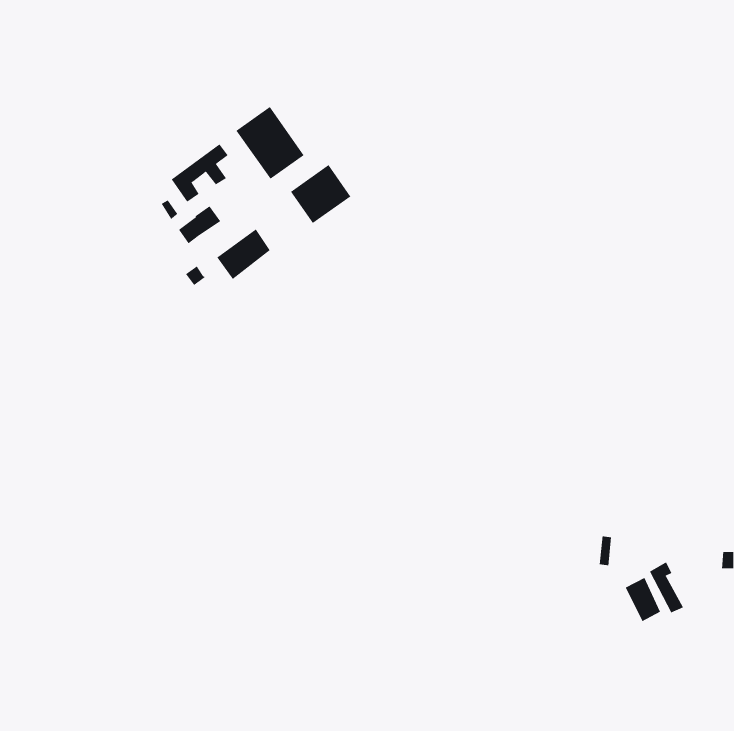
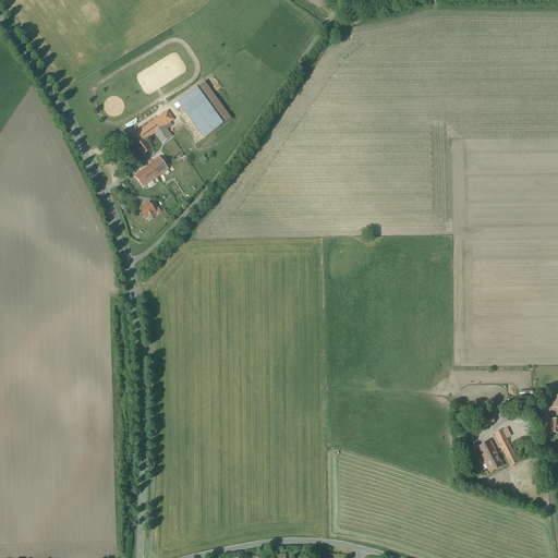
building: [290,164,351,224] -> none
building: [216,229,271,280] -> none

